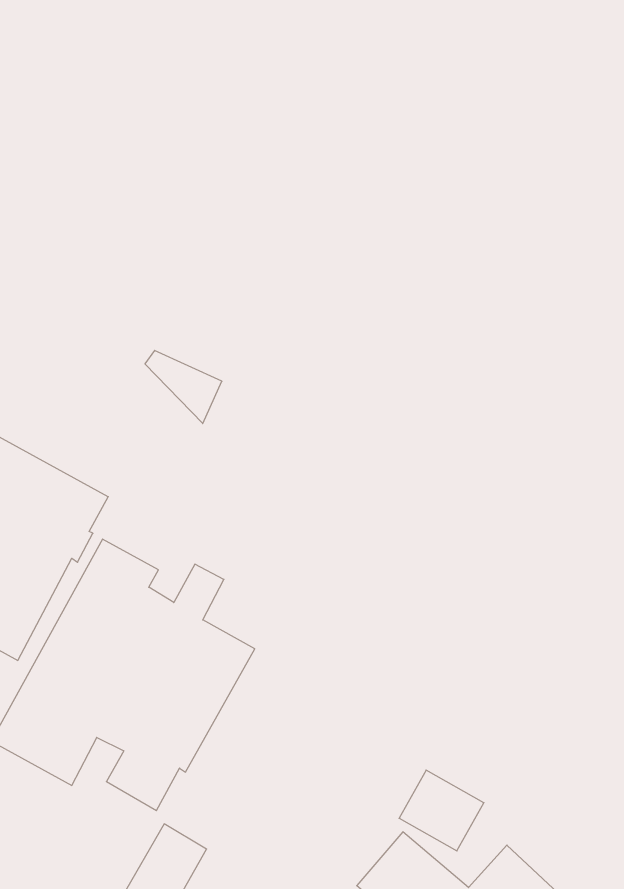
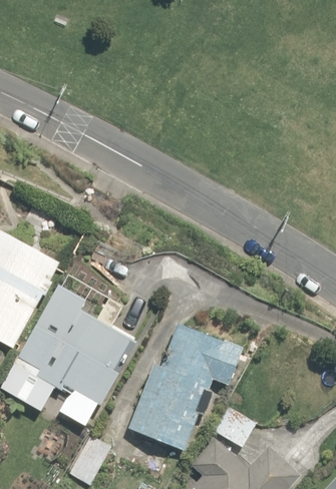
building: none -> [127,323,243,451]

